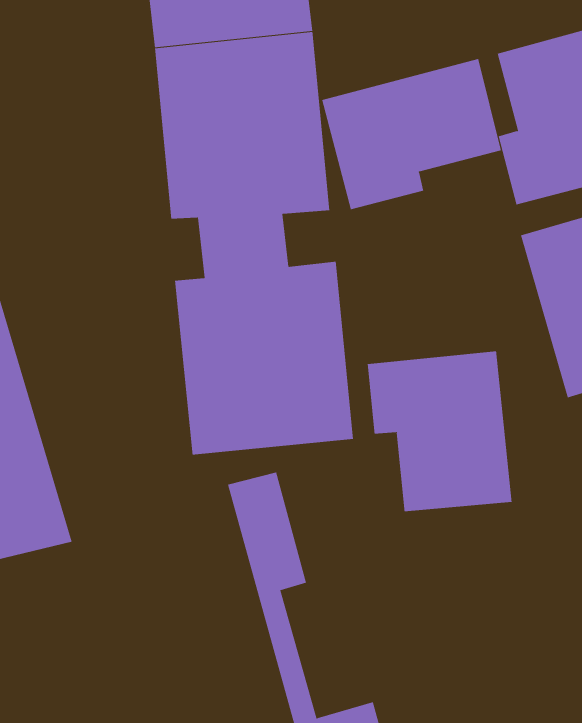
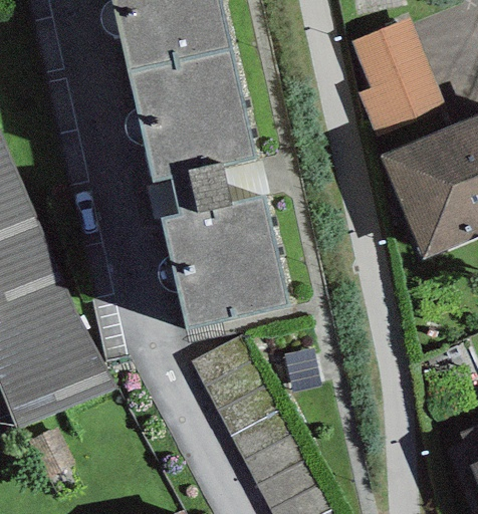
building: [322,58,501,210] -> none
building: [367,351,512,512] -> none

